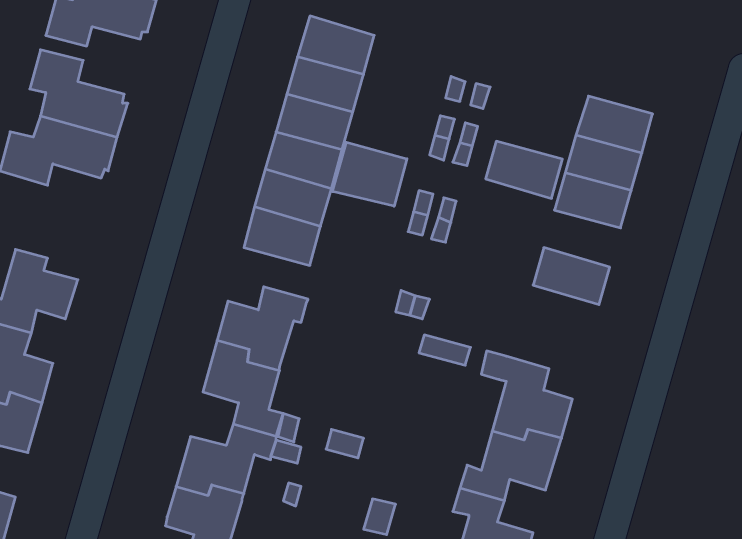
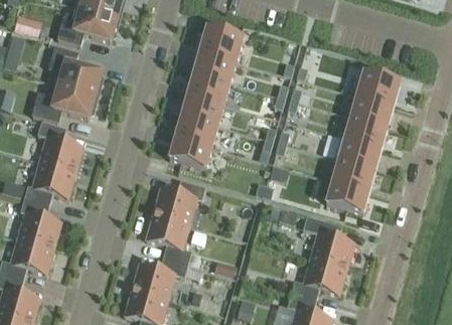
building: [486,141,562,198] -> [338,136,382,168]
building: [333,142,407,206] -> none
building: none -> [38,121,84,175]
building: none -> [326,178,369,211]

